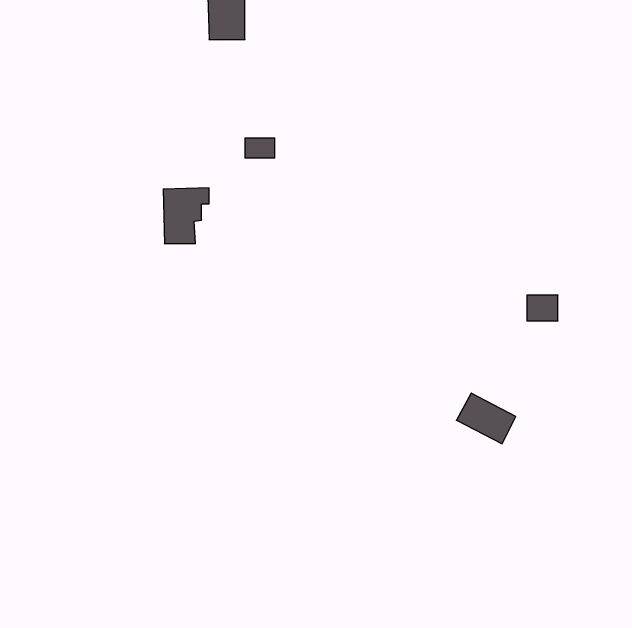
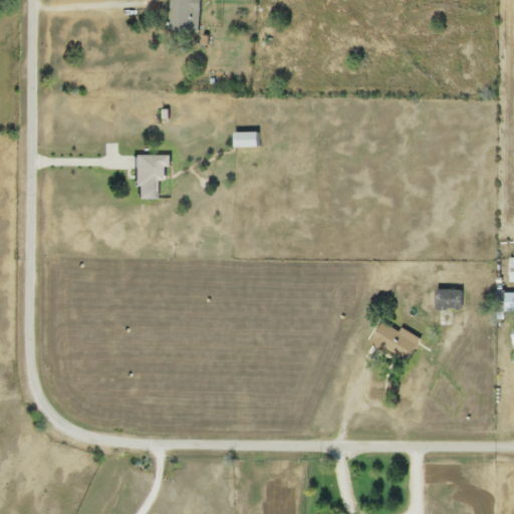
building: [245,138,275,158] -> [234,131,258,147]
building: [527,295,558,321] -> [436,288,461,309]

